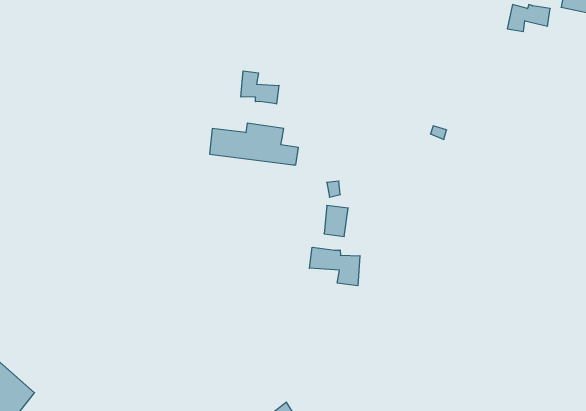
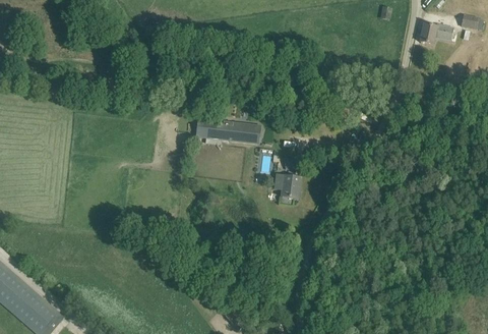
building: [241,71,279,104] -> none
building: [309,247,360,286] -> none

